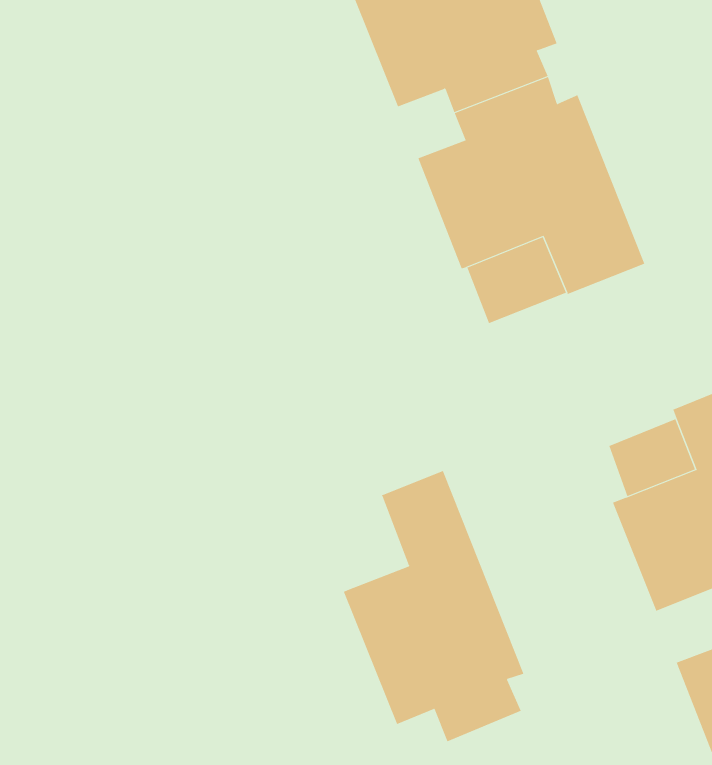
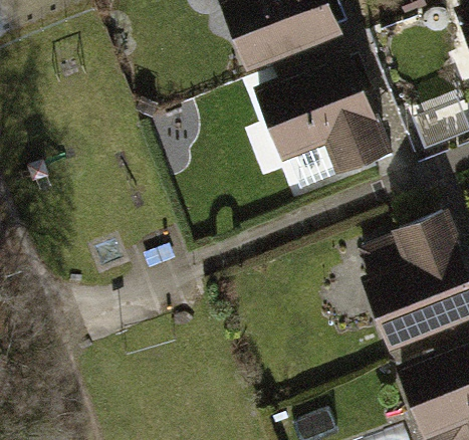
building: [343,470,524,742] -> none

